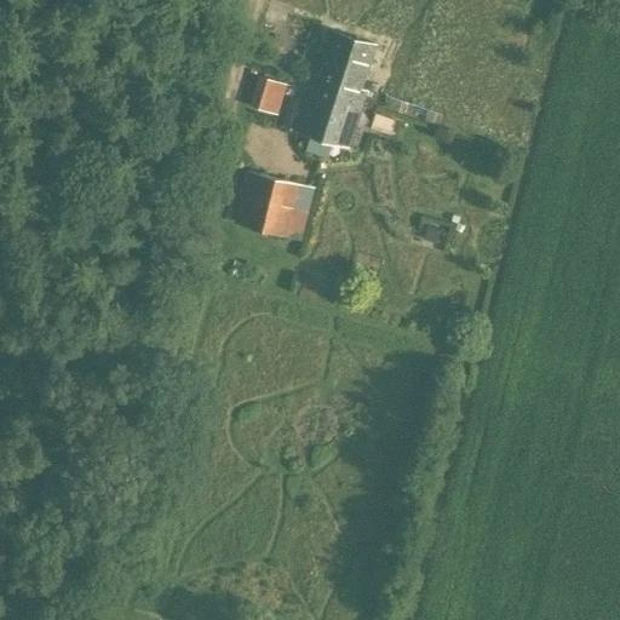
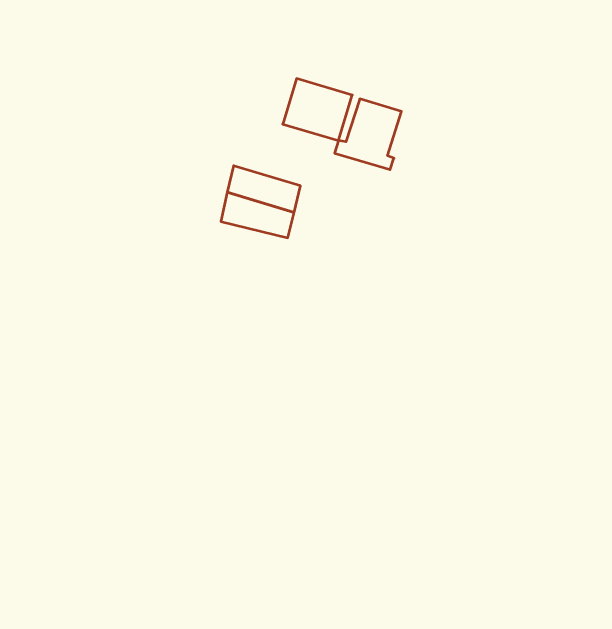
building: [311,36,375,104] -> [335,99,401,170]
building: [252,76,289,116] -> none

